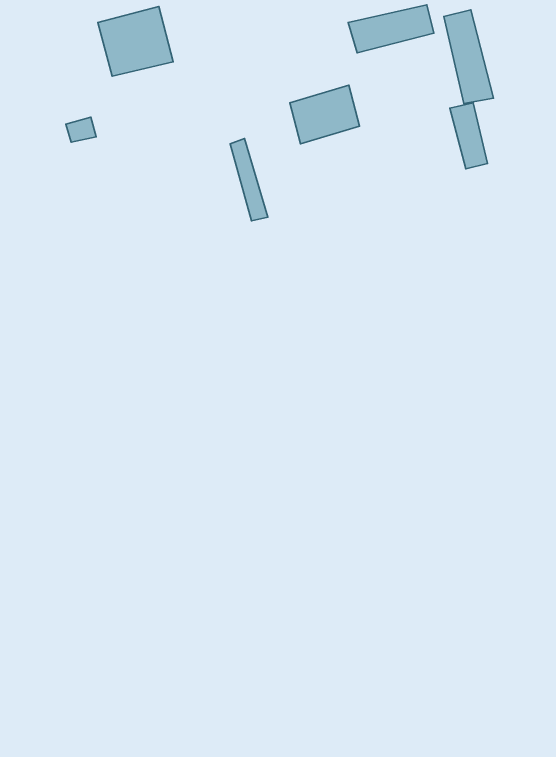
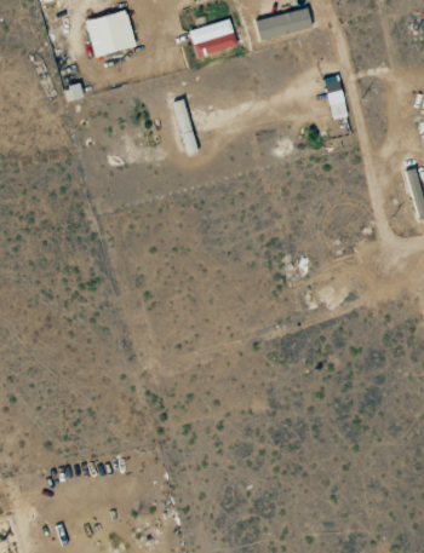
building: [444,10,493,103] -> none
building: [290,85,359,144] -> [189,18,236,58]

